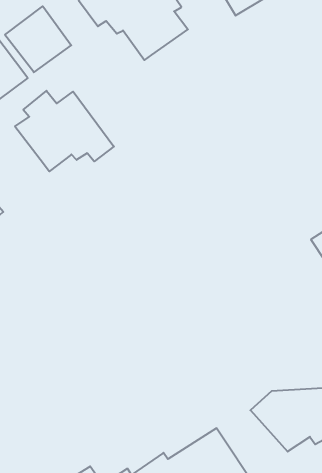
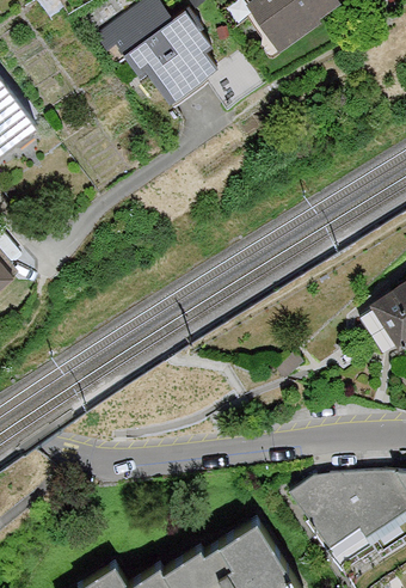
building: [5,6,71,72] -> none
building: [15,91,114,171] -> none

